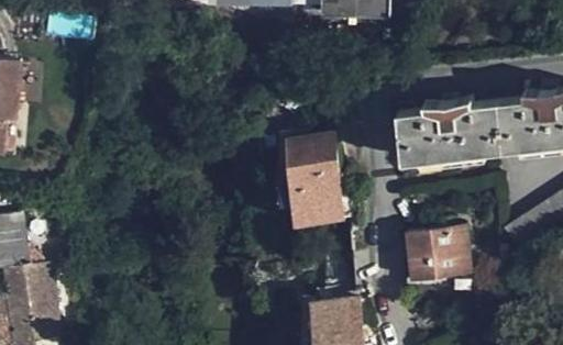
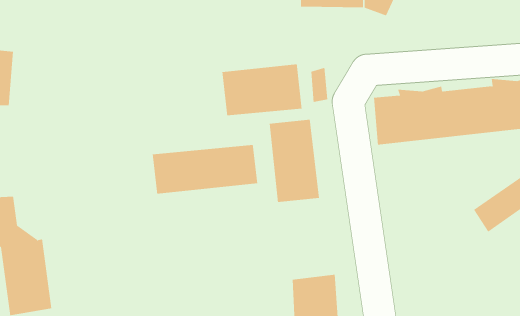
building: none -> [222,63,302,116]
building: none -> [152,144,258,194]
building: [406,227,468,279] -> none

